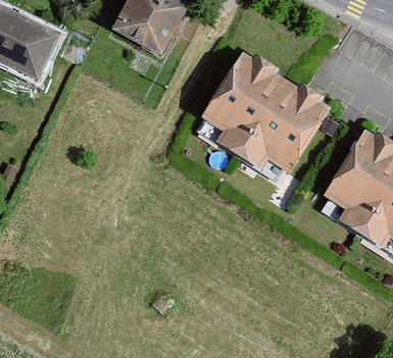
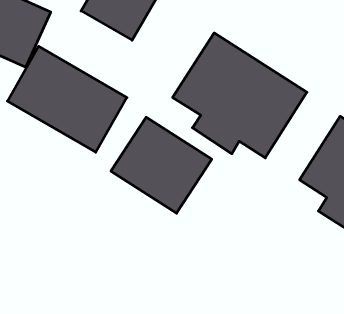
building: none -> [7,46,127,152]
building: none -> [111,117,212,213]

